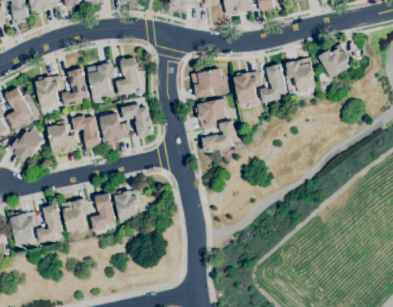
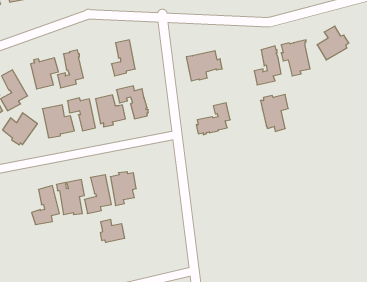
building: [86,62,115,97] -> none
building: [233,71,261,108] -> [260,95,288,131]
building: [194,99,226,129] -> none
building: [11,214,36,245] -> none
building: none -> [100,219,125,243]

